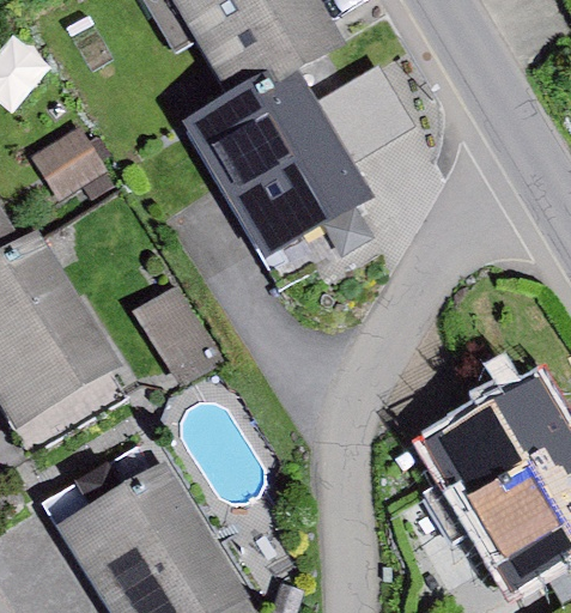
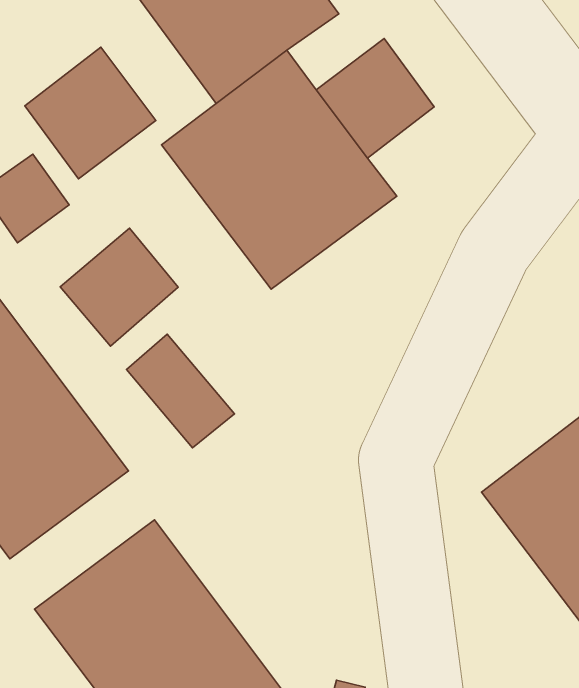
building: none -> [25,47,156,179]
building: none -> [60,228,178,346]

